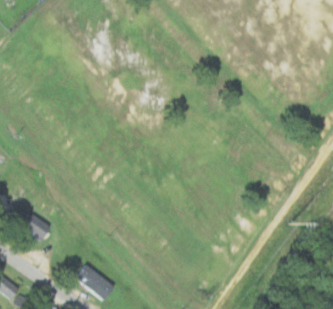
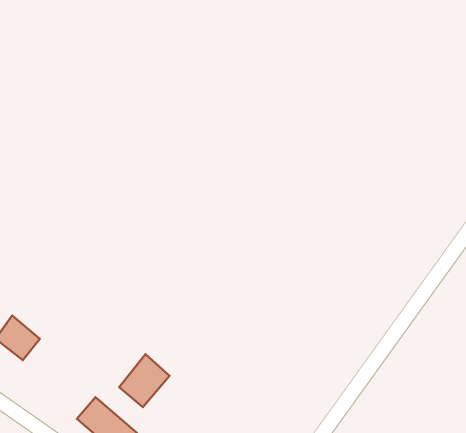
building: none -> [119,354,170,407]

